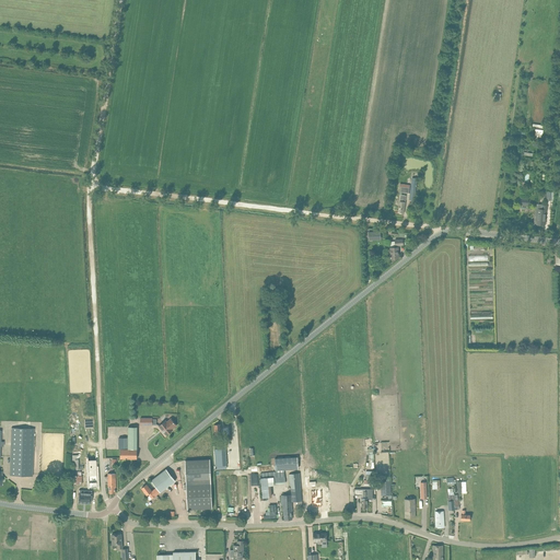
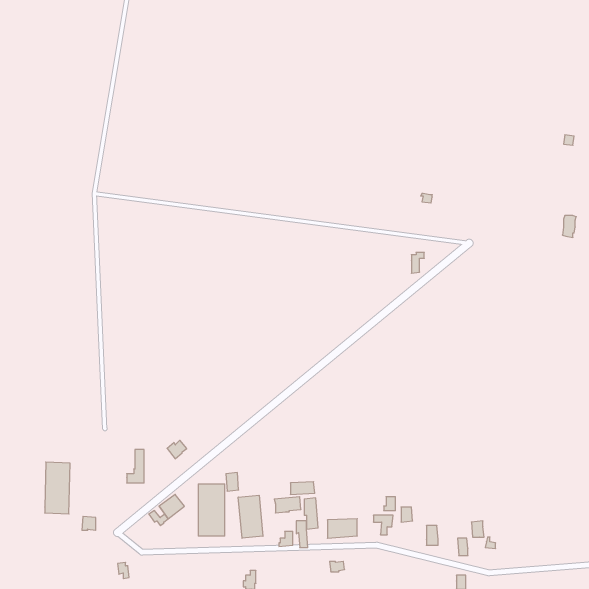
building: [10,428,34,477] -> [45,462,70,514]
building: none -> [238,495,263,538]

